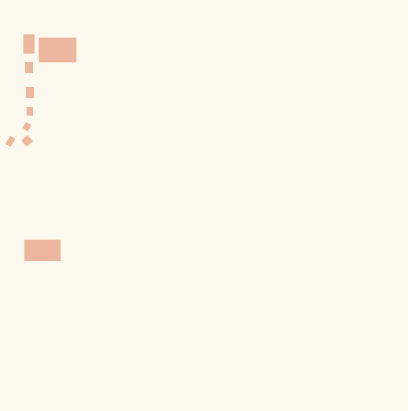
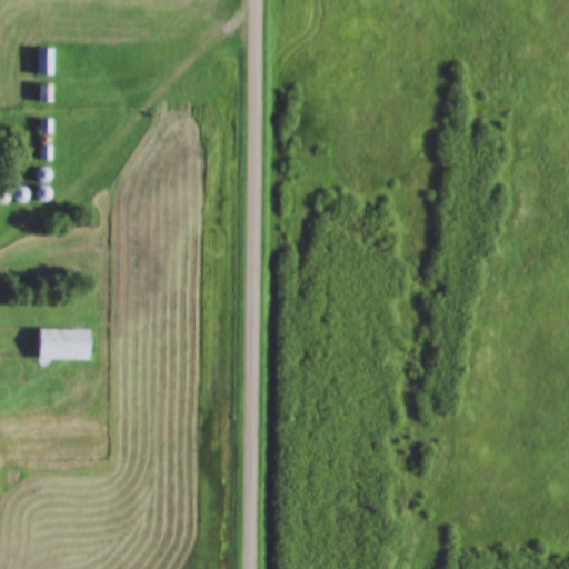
building: [38,37,77,63] -> none

